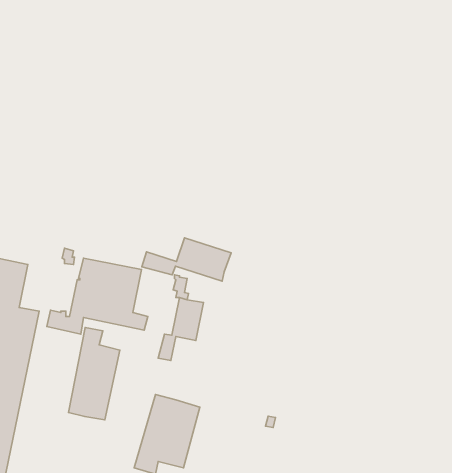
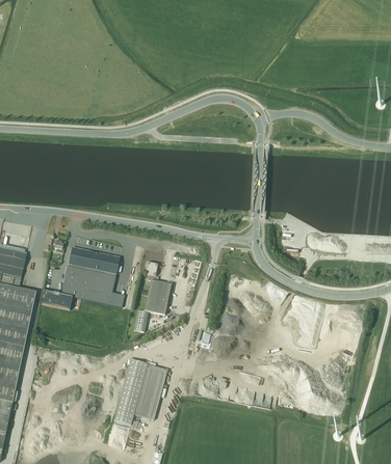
building: [142,238,231,281] -> none
building: [69,327,120,420] -> none

